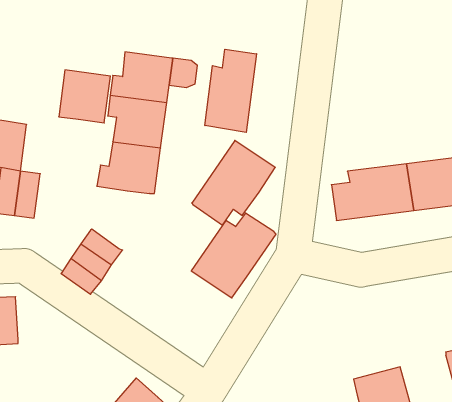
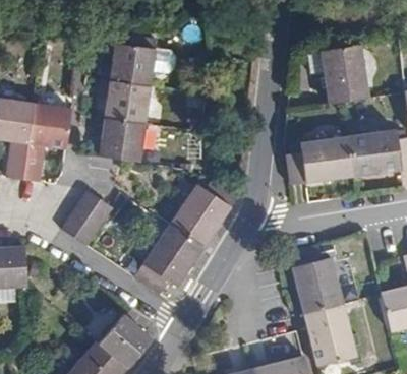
building: [205,49,257,132] -> none
building: none -> [322,46,368,105]
building: [59,70,110,123] -> [28,105,71,148]
building: [192,140,275,225] -> [134,226,204,296]
building: none -> [288,244,343,315]

